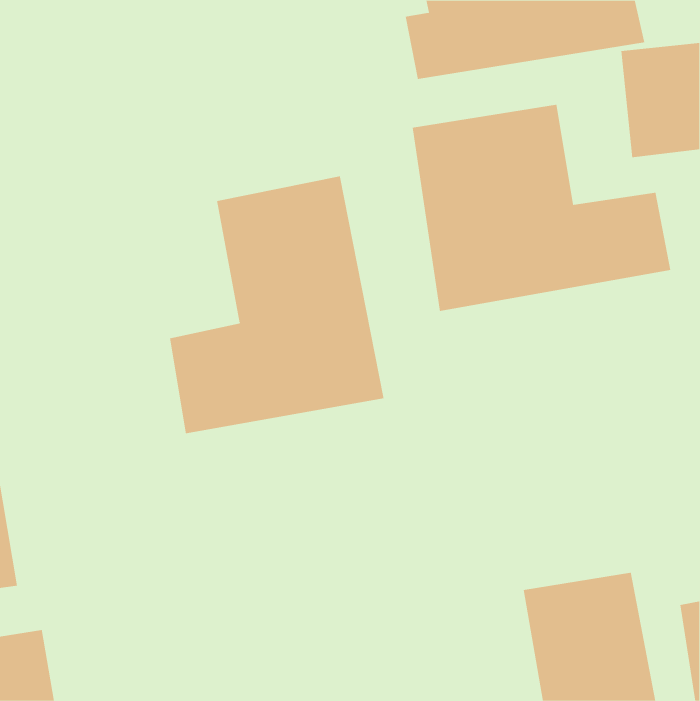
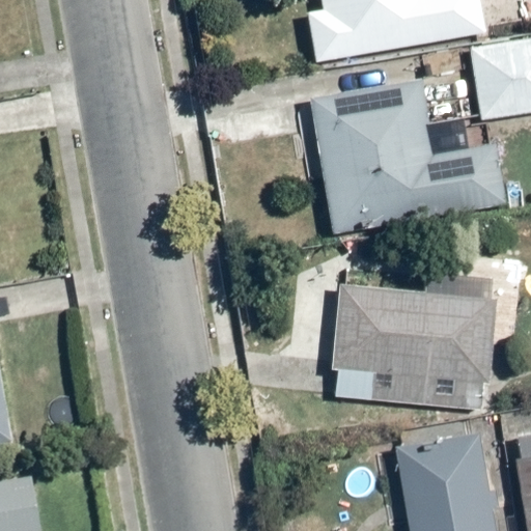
building: [170,175,384,434] -> none
building: none -> [332,285,497,385]

